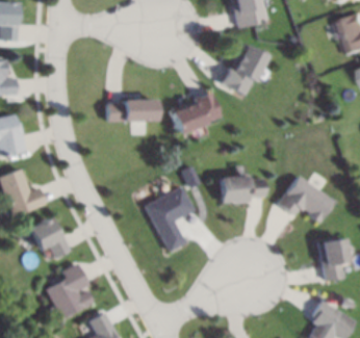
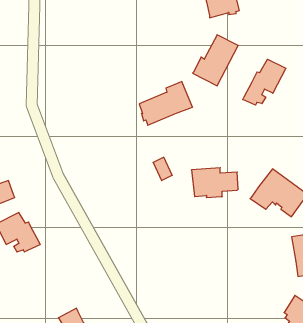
building: none -> [243,59,286,105]
building: [108,100,157,122] -> none
building: [146,185,196,253] -> none
building: [44,263,95,318] -> none

